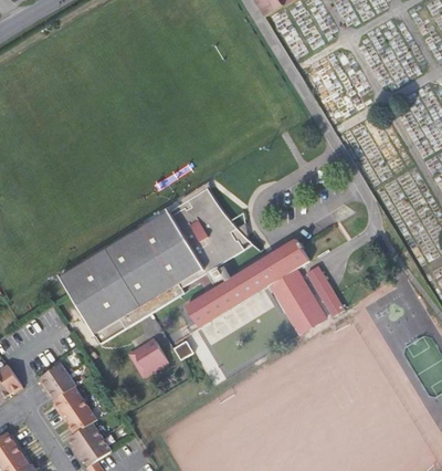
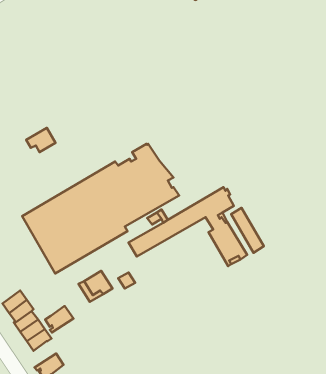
building: none -> [26,128,56,152]
building: [188,274,286,332] -> none
building: [69,420,102,451] -> [45,306,73,333]

